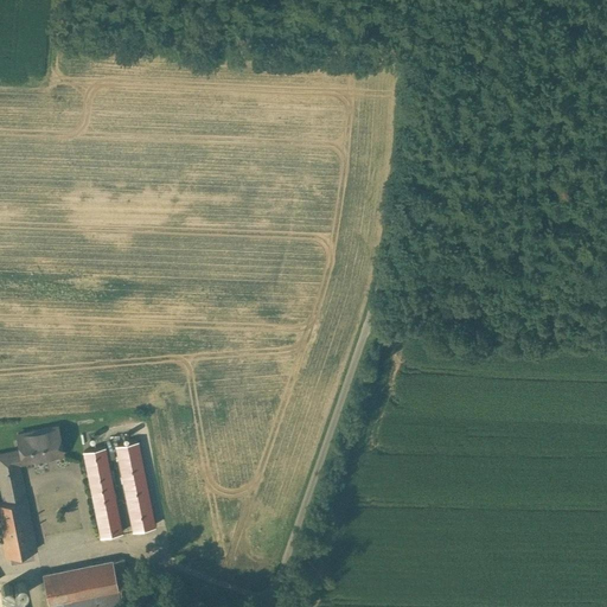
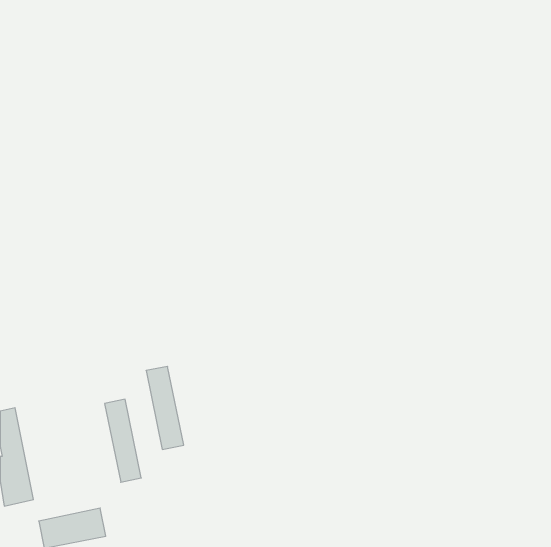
building: [17,429,64,467] -> none
building: [82,451,123,542] -> [146,366,184,449]

